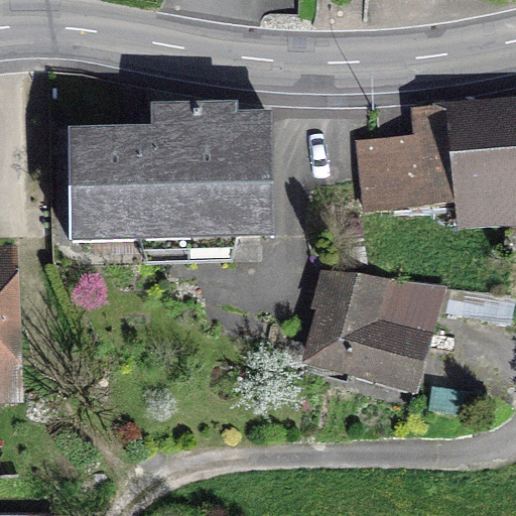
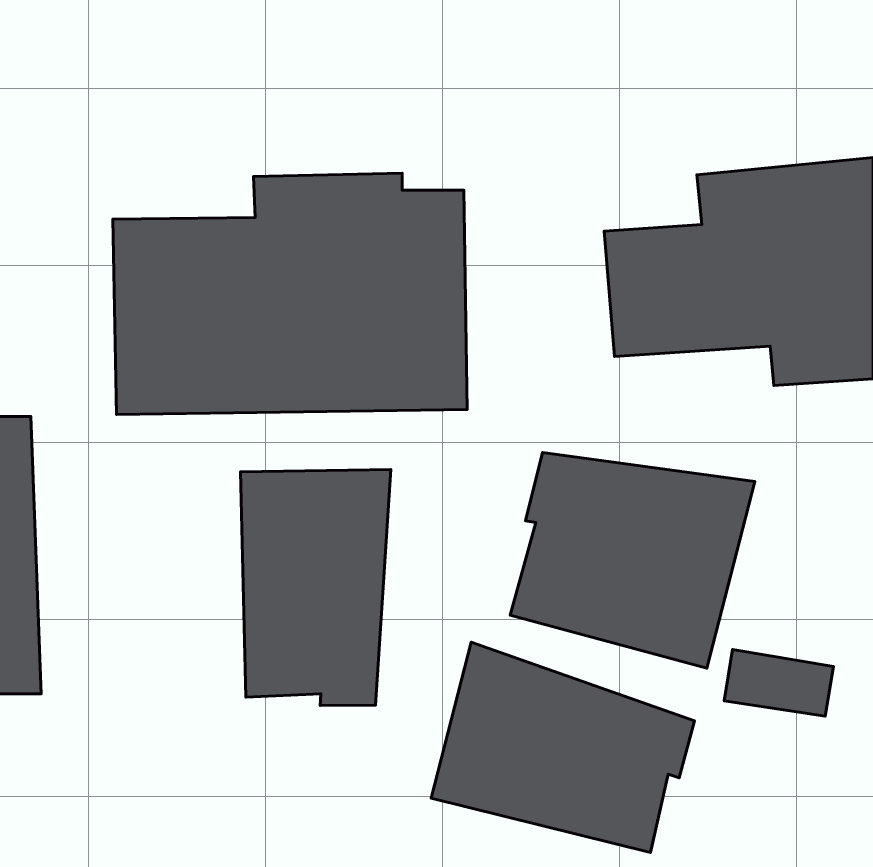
building: none -> [240,470,391,705]
building: none -> [431,642,694,852]

